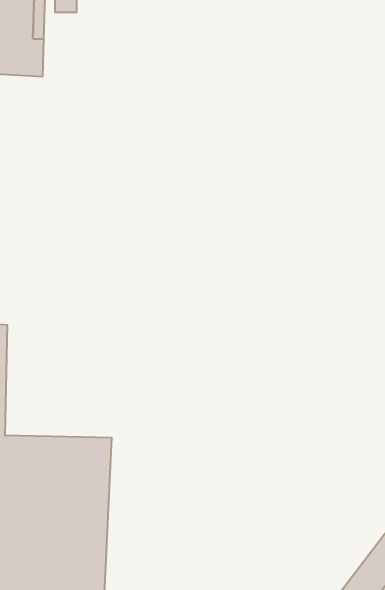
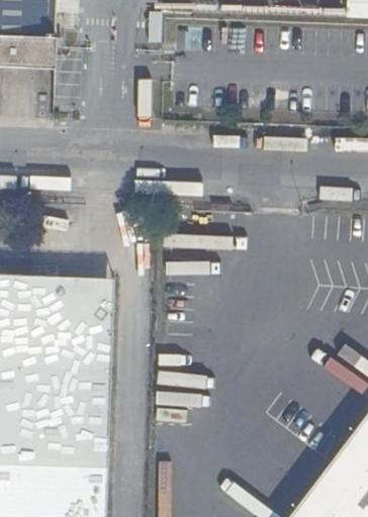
building: none -> [23,276,115,370]

